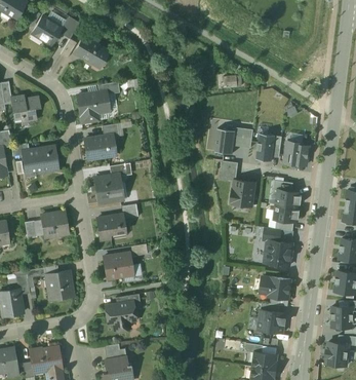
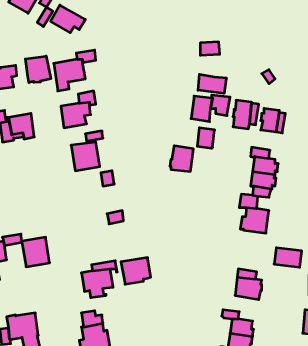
building: none -> [25,56,51,83]
building: none -> [198,74,226,93]
building: [231,180,254,205] -> [170,146,193,171]
building: [41,212,68,237] -> none
building: [96,214,125,239] -> none
building: [103,253,132,279] -> [121,258,151,284]
building: [261,277,288,297] -> [274,248,302,267]

